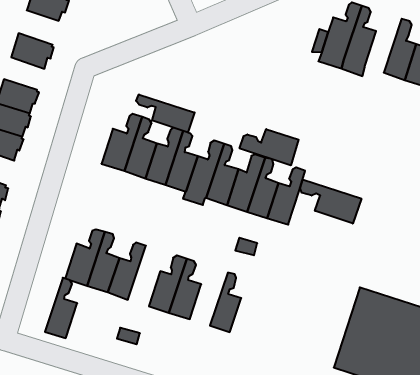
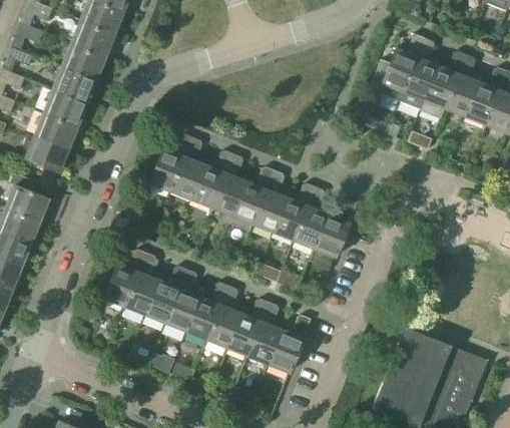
building: none -> [71,20,115,57]
building: none -> [421,51,465,118]
building: none -> [53,67,97,102]
building: [136,94,195,132] -> none
building: [240,129,299,165] -> none
building: [300,180,361,224] -> none
building: none -> [227,299,270,356]
building: [45,278,77,338] -> [165,270,200,332]
building: none -> [268,315,310,372]

